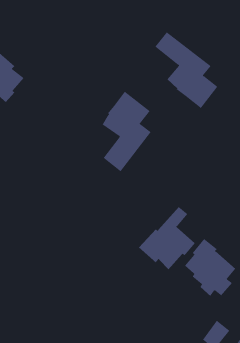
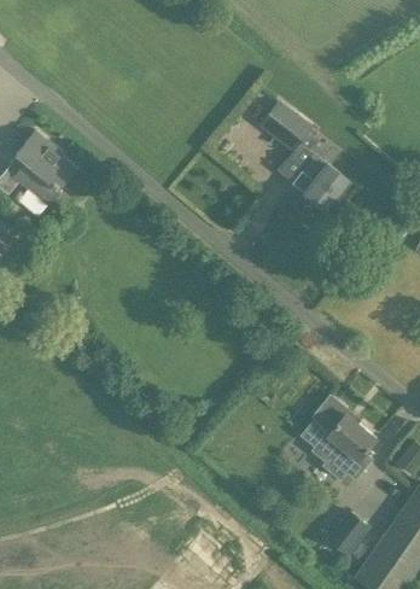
building: [102,91,152,172] -> none
building: [138,206,196,270] -> none

